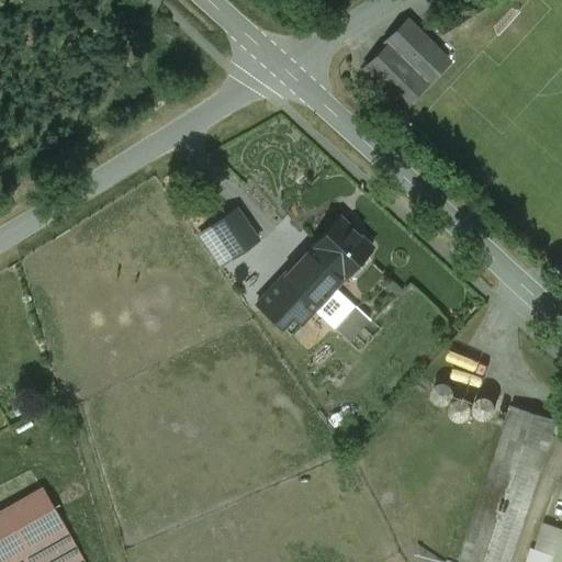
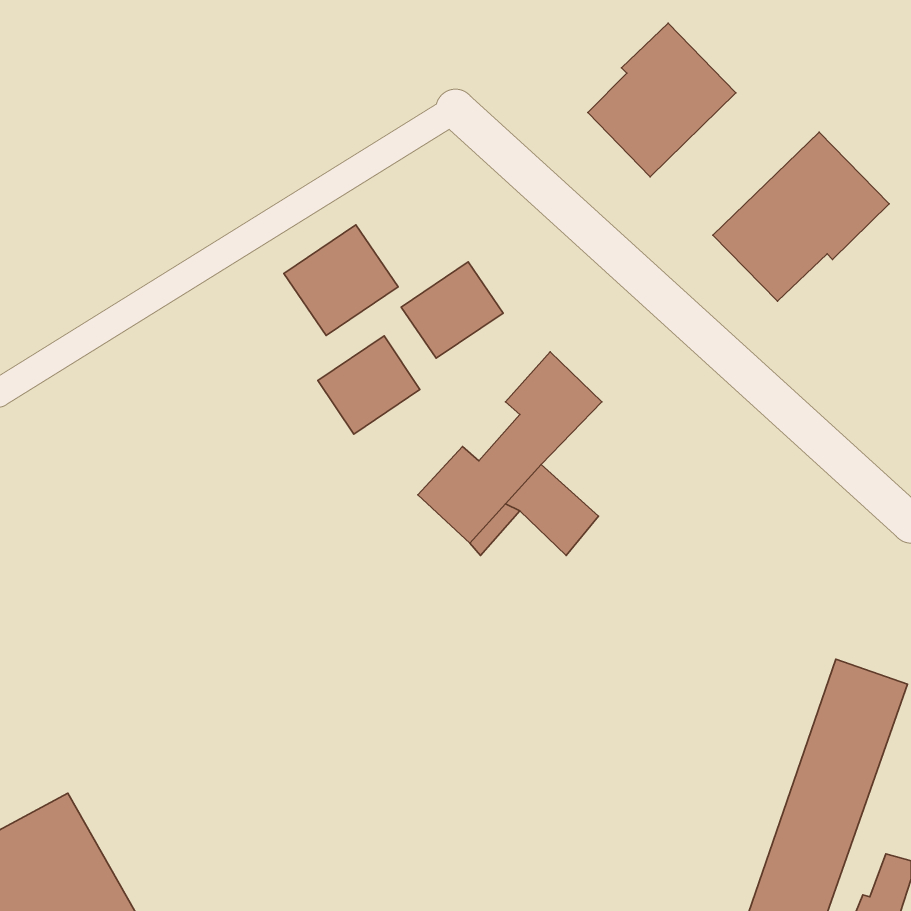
building: none -> [713,132,889,301]
building: none -> [284,225,398,335]
building: none -> [401,262,503,358]

